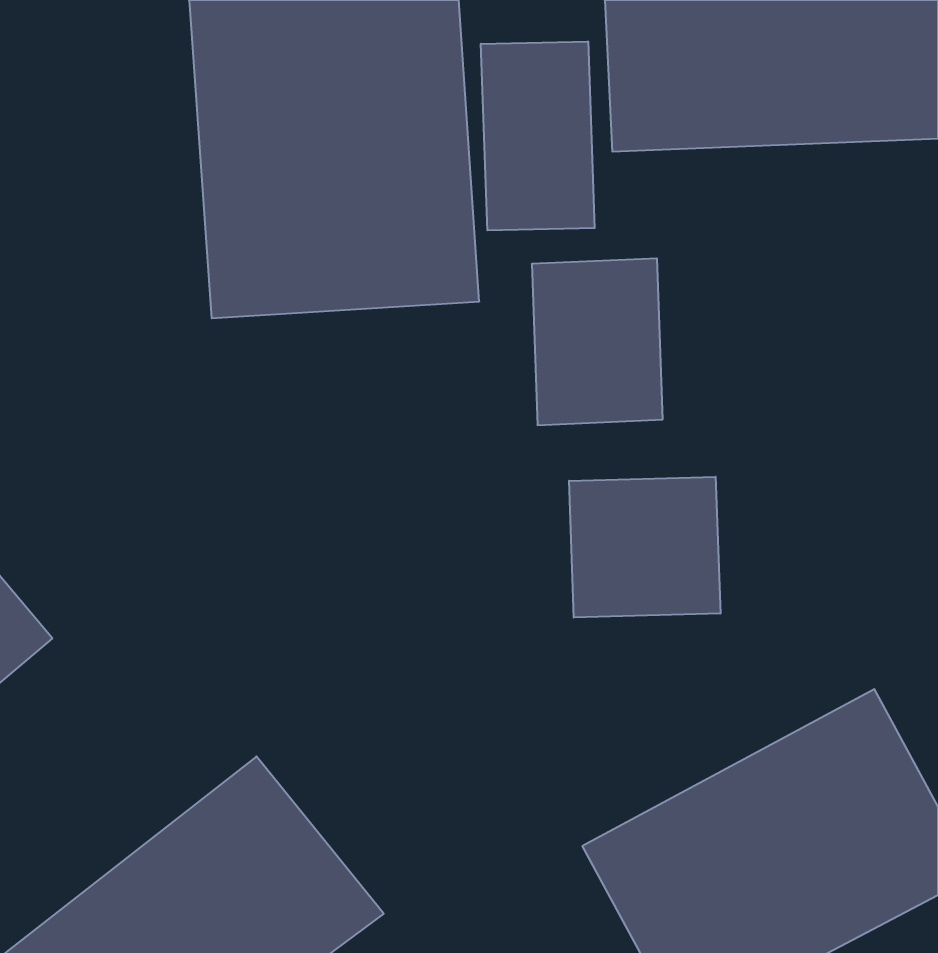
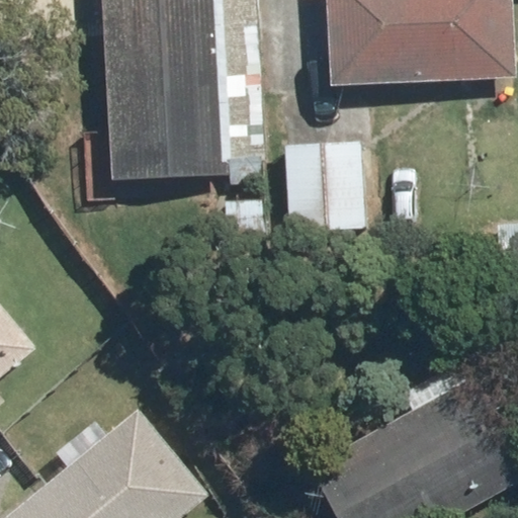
building: [481,41,595,230] -> none
building: [569,477,720,618] -> none

